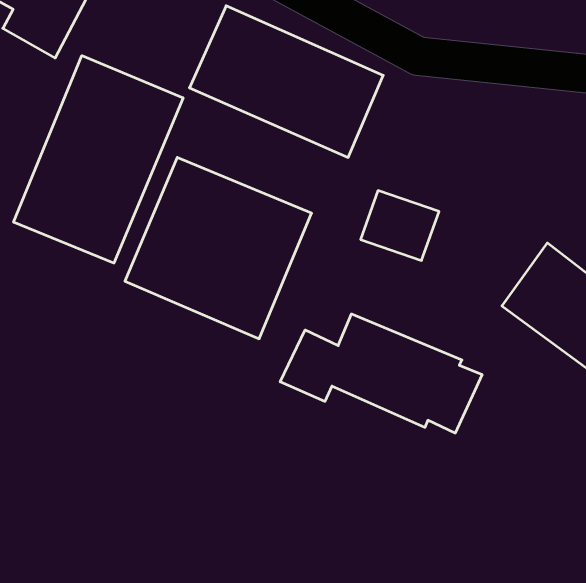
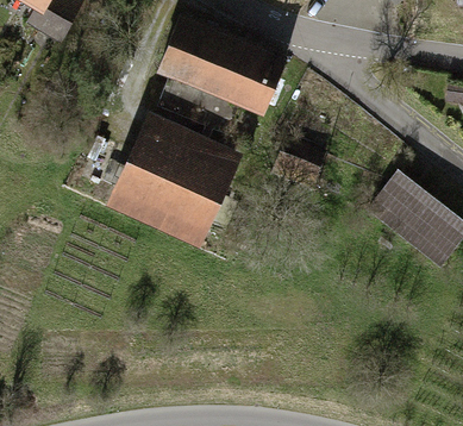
building: [14,56,183,263] -> none
building: [280,314,482,433] -> none

